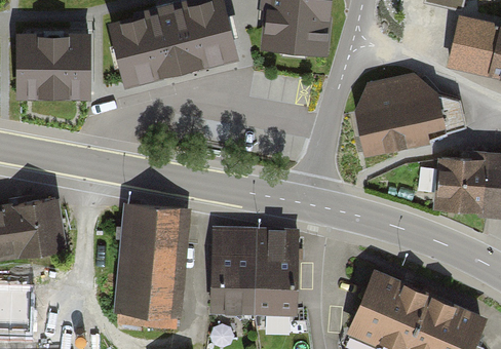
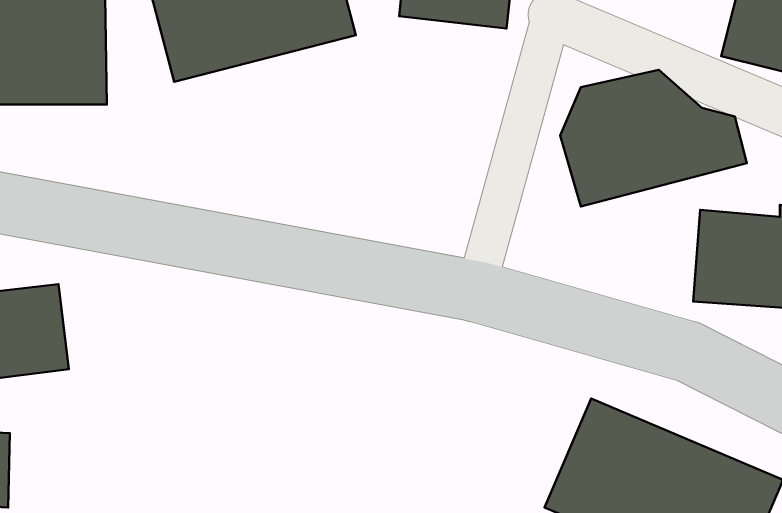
building: [116,204,191,321] -> none
building: [211,229,299,316] -> none

